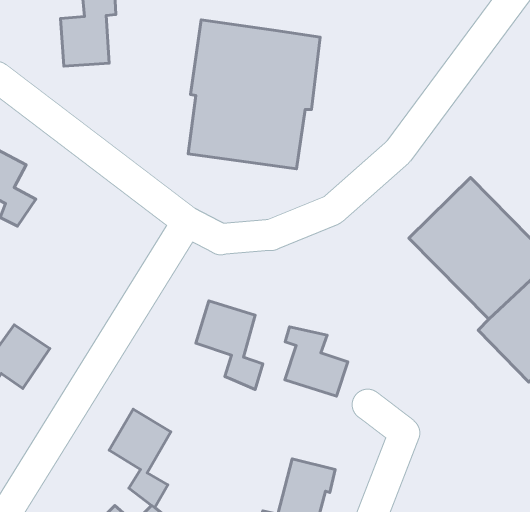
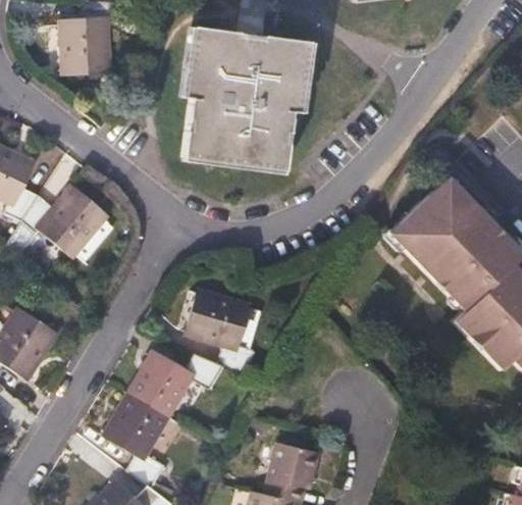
building: none -> [21,191,104,254]
building: [285,327,348,396] -> none
building: none -> [130,354,222,416]

